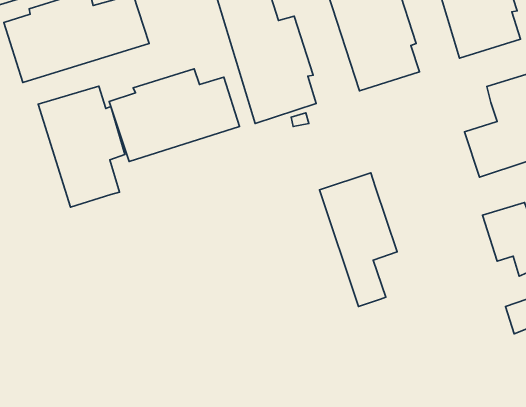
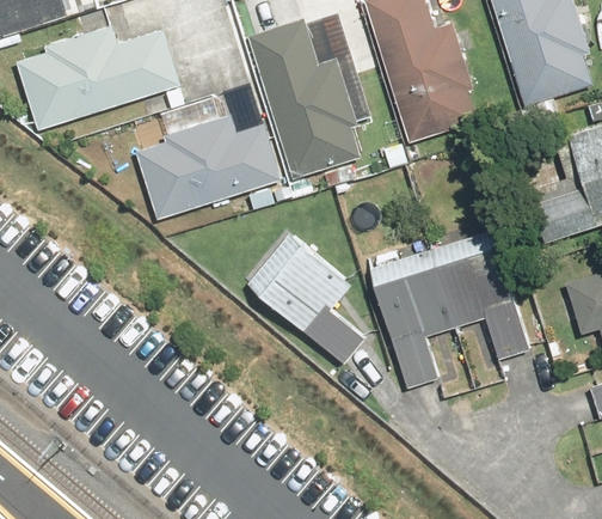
building: [38,86,125,207] -> none
building: none -> [429,230,530,360]
building: none -> [250,233,366,362]

